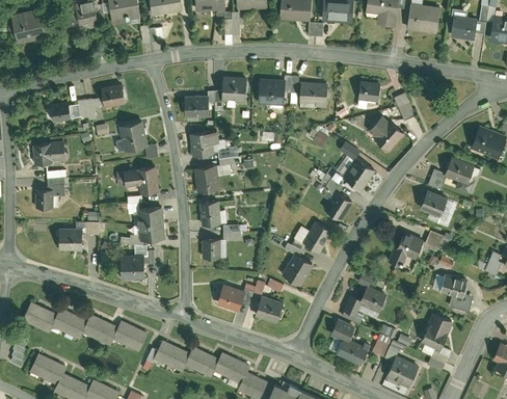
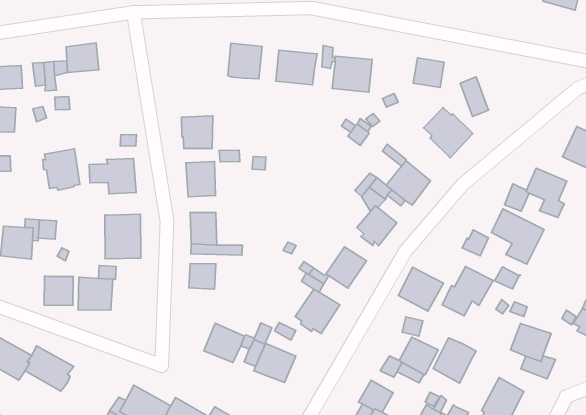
building: [181,100,208,121] -> none
building: [118,123,146,154] -> [43,149,80,190]
building: none -> [398,267,444,311]
building: none -> [44,276,73,305]
building: none -> [433,338,476,383]
building: [116,316,151,348] -> none

